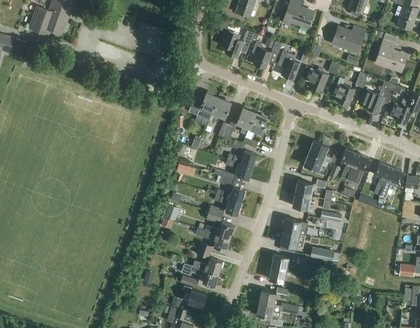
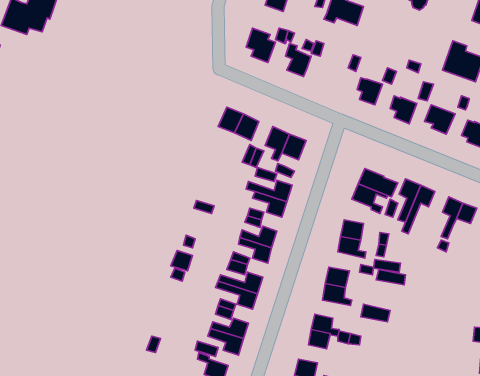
building: [331,26,364,53] -> none
building: [276,51,299,80] -> none

